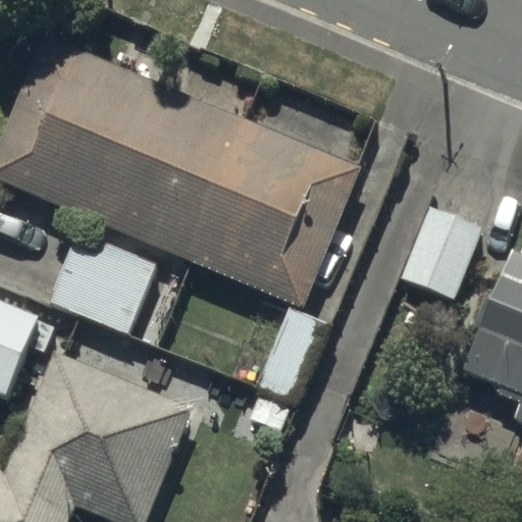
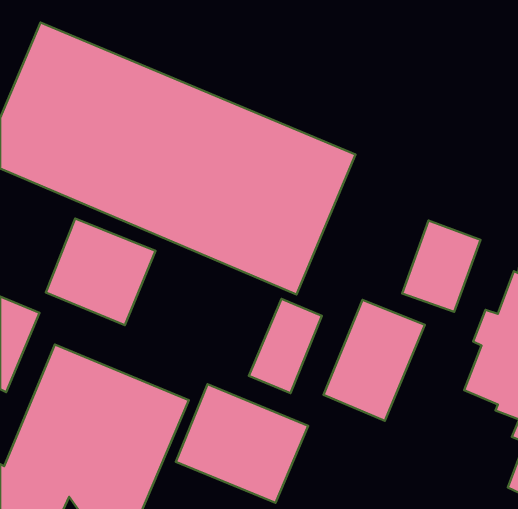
building: none -> [324,300,425,421]
building: none -> [176,384,308,503]

